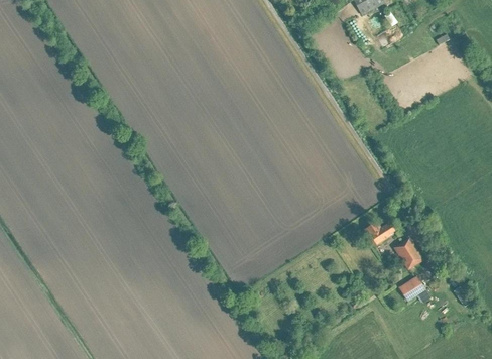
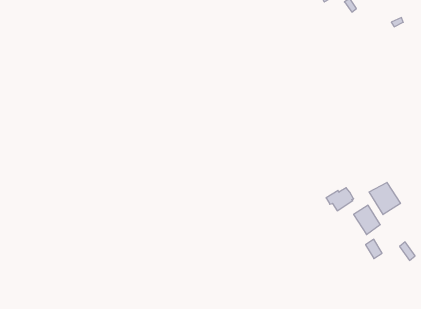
building: none -> [369,182,400,215]

